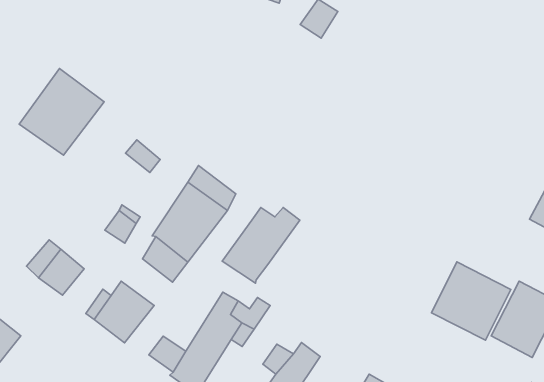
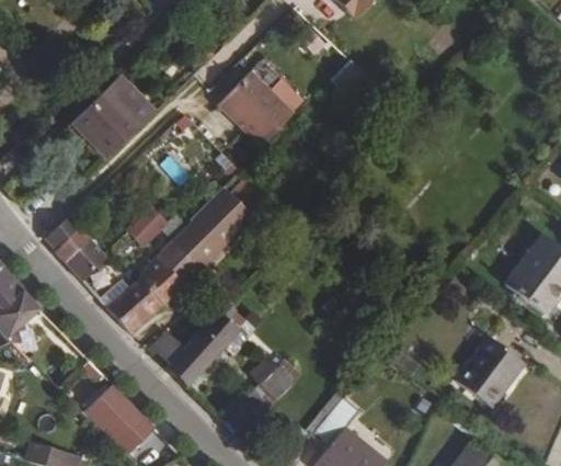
building: none -> [221,70,298,145]
building: [222,207,300,283] -> none
building: none -> [137,258,182,303]
building: [432,262,511,340] -> none

